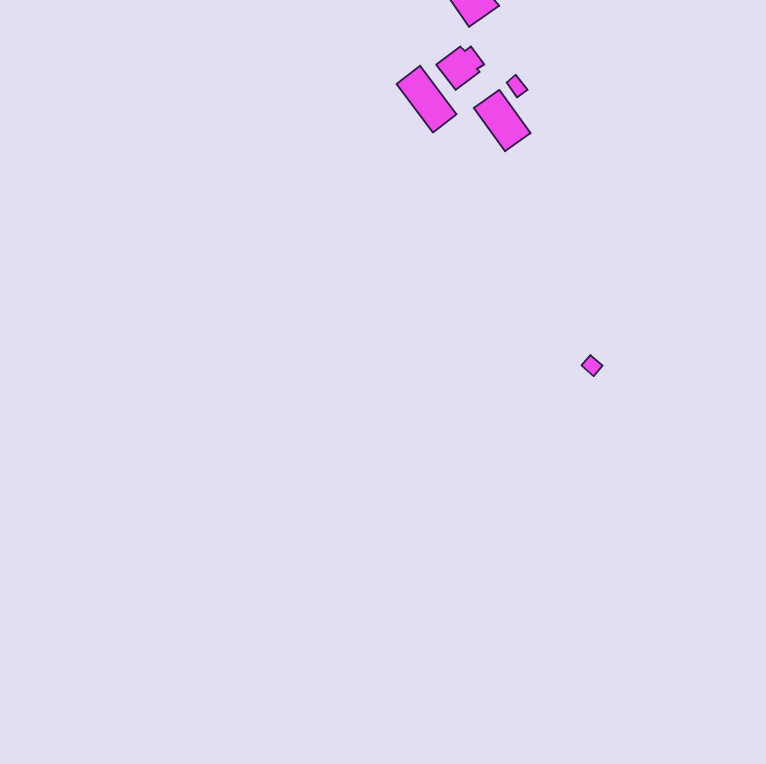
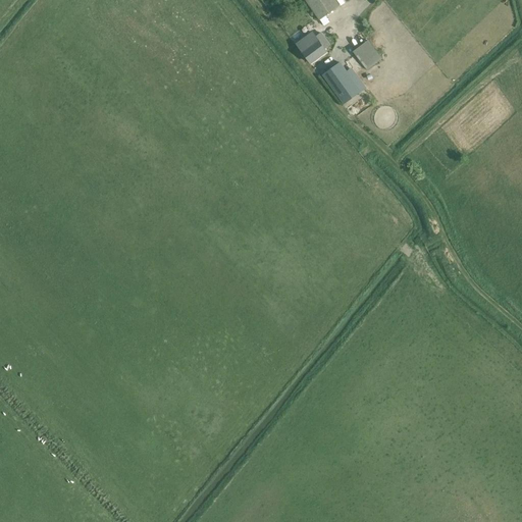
building: none -> [353,39,382,69]
building: [397,66,457,132] -> none

